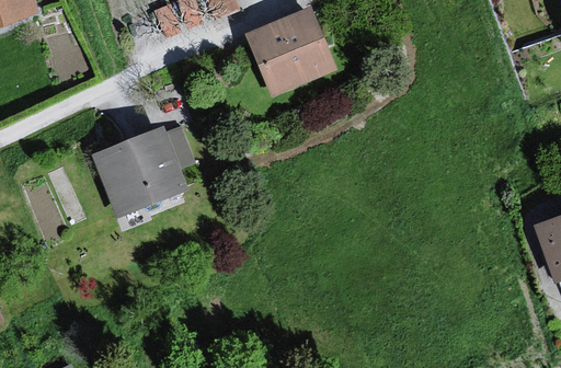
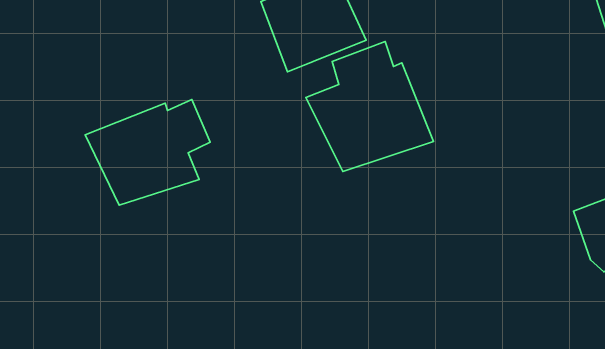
building: none -> [306,42,433,172]

